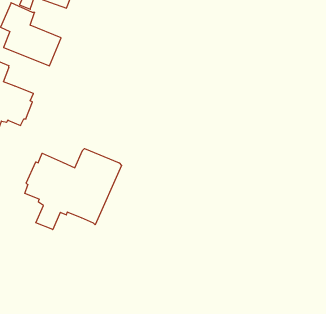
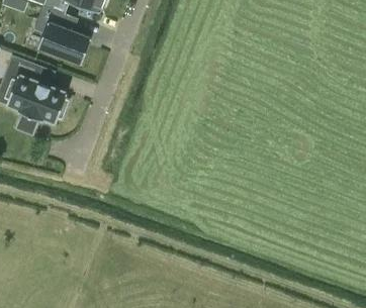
building: [25,149,121,230] -> none

